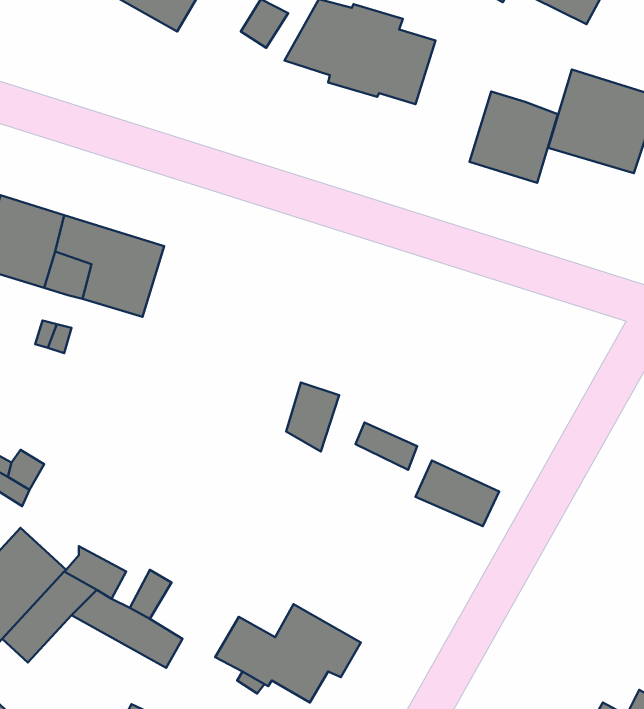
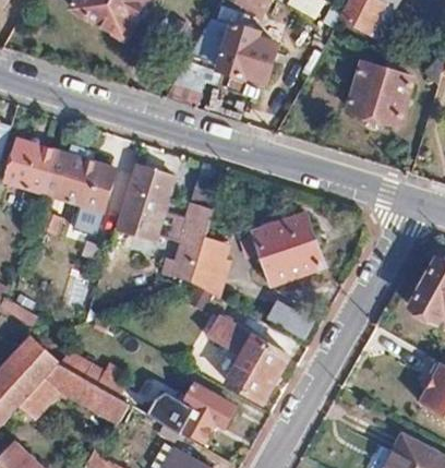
building: [470,91,558,183] -> none
building: none -> [117,164,176,239]
building: none -> [161,199,213,279]
building: none -> [253,212,325,285]
building: none -> [208,316,290,403]

